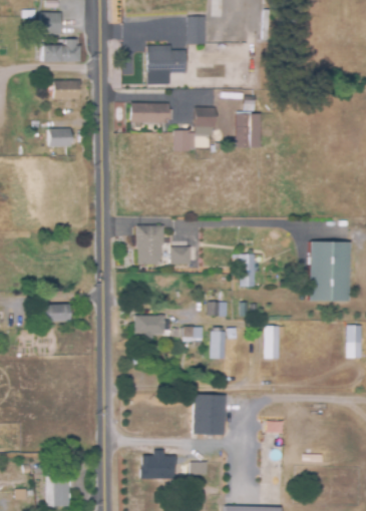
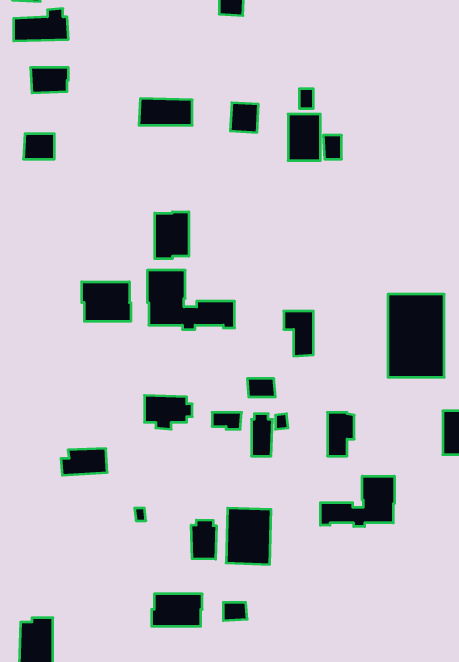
building: [146,46,186,85] -> none
building: [173,130,195,151] -> none
building: none -> [155,212,189,259]
building: none -> [82,282,131,321]
building: [37,304,70,323] -> [61,449,107,475]
building: none -> [320,476,394,527]
building: none -> [191,520,216,559]

